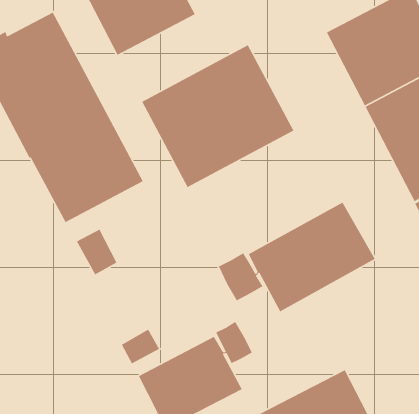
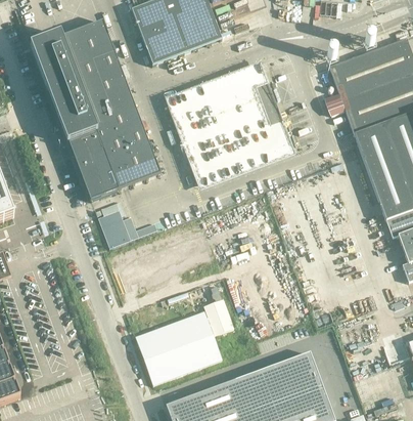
building: [218,201,376,313] -> none
building: [121,328,160,365] -> none

